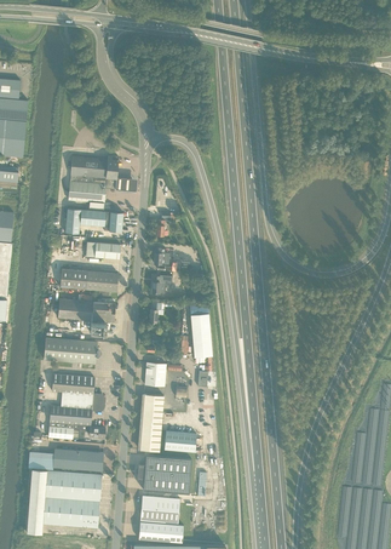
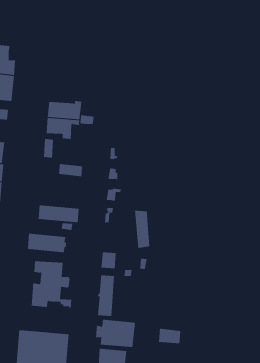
building: [79,208,122,231] -> none
building: [59,269,116,296] -> none
building: [163,430,195,452] -> [158,328,181,344]
building: [51,448,102,471] -> none

